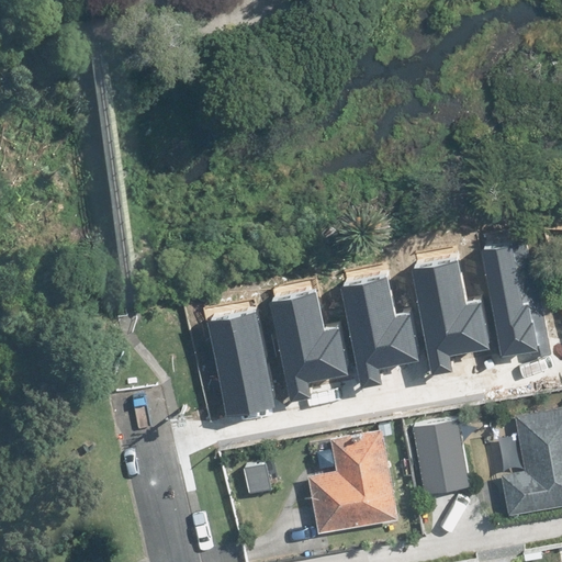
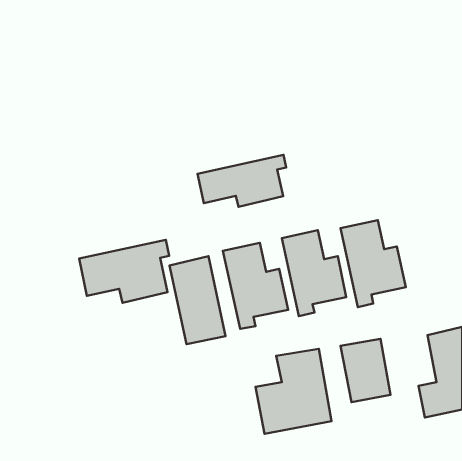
building: none -> [198,155,286,207]
building: [479,244,549,360] -> none
building: none -> [79,240,169,303]

